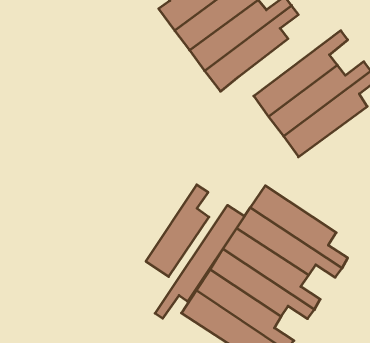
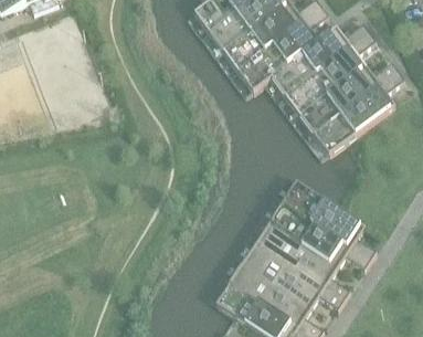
building: none -> [271,23,369,95]
building: [146,185,209,277] -> none
building: [155,205,245,318] -> none

